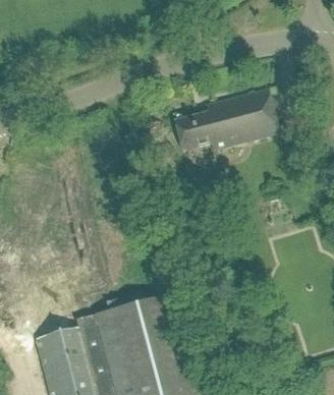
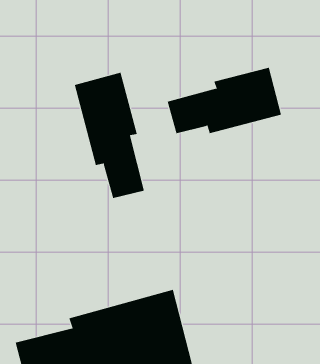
building: none -> [74,72,145,199]

